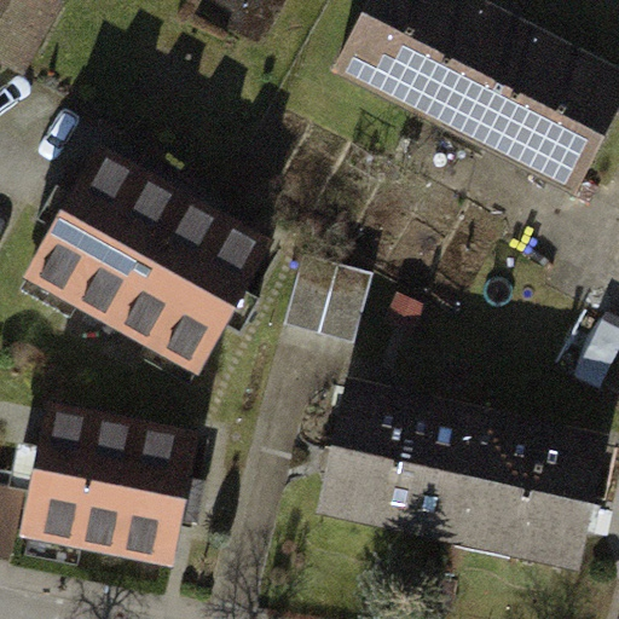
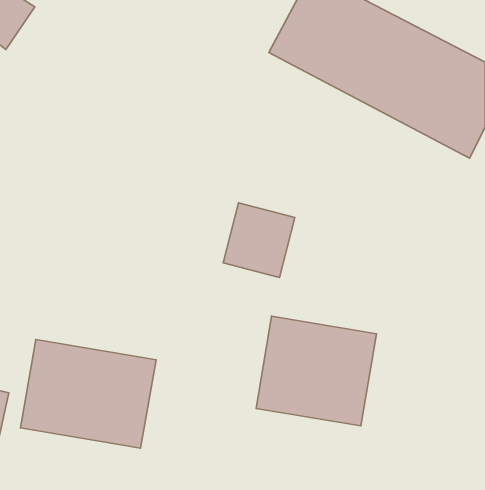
building: [24,155,264,375] -> none
building: [450,416,600,553] -> none

